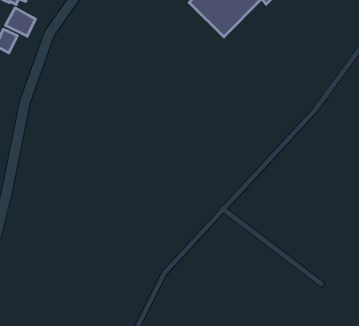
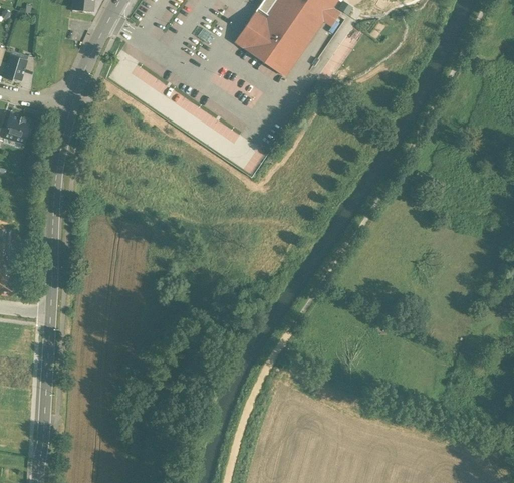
building: [5,8,35,36] -> none

